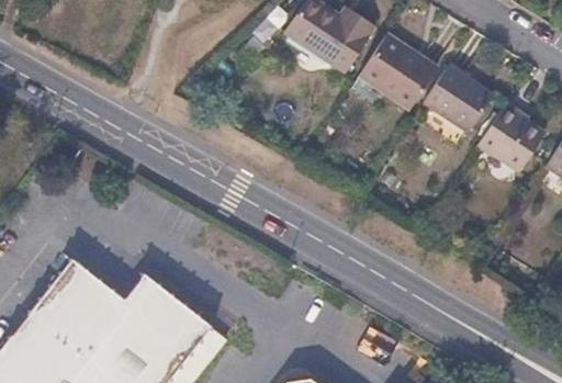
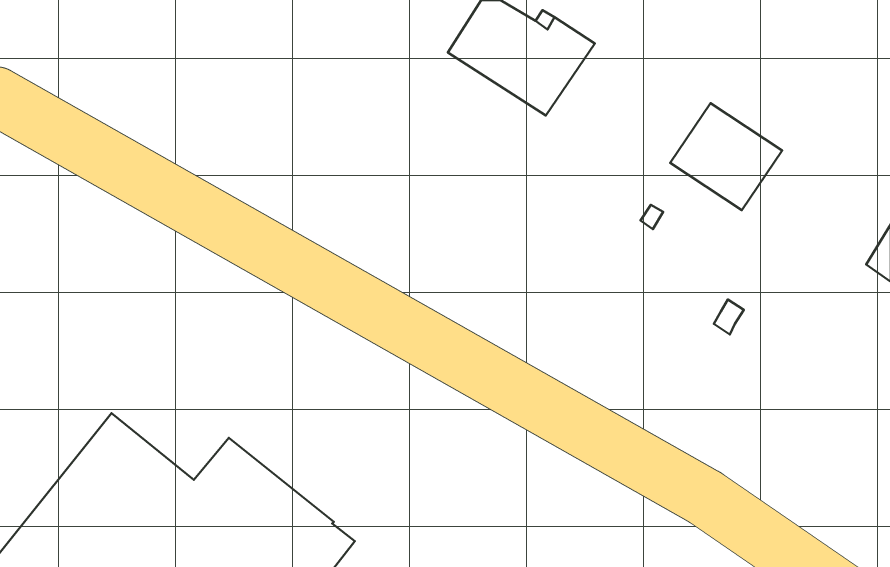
building: [358,33,438,110] -> none
building: [477,102,544,172] -> none

